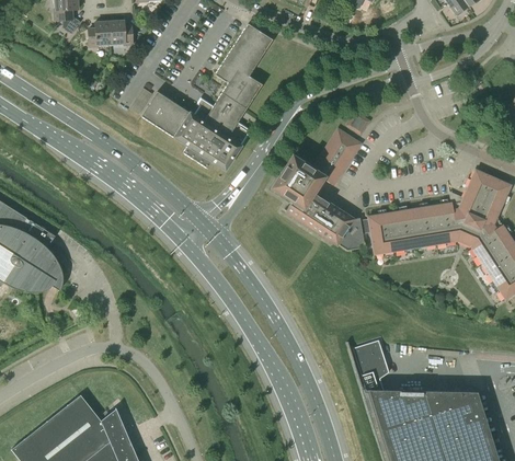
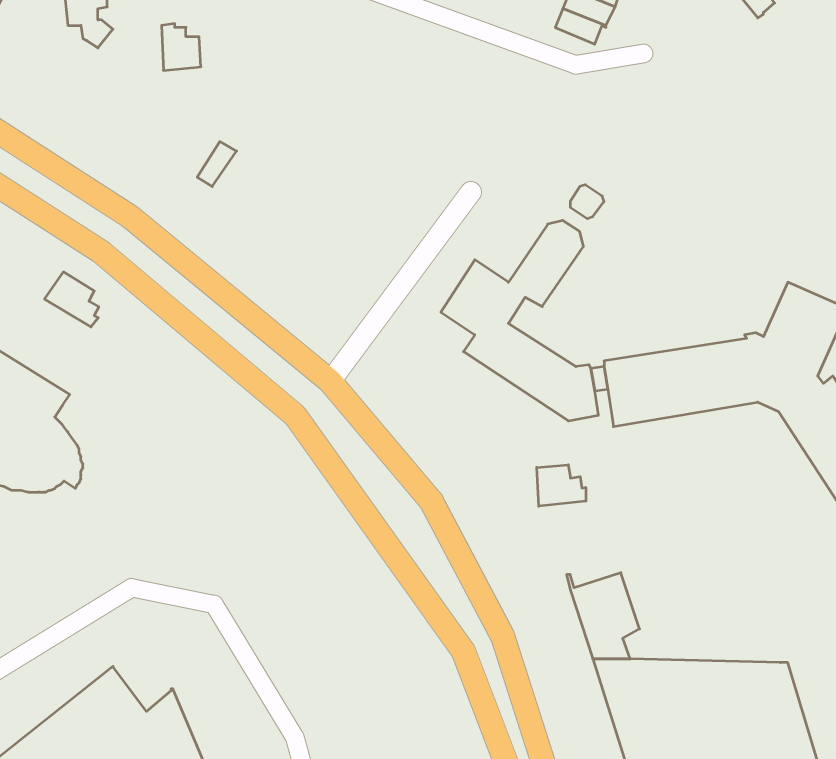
building: [89,20,111,47] -> none
building: [141,23,273,171] -> none
building: none -> [45,272,99,327]
building: none -> [537,465,586,506]

